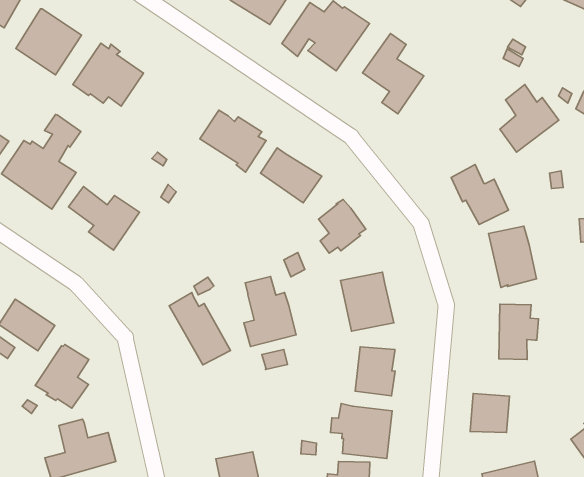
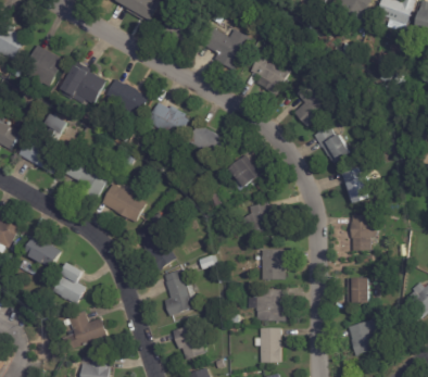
building: none -> [104,67,148,116]
building: [500,85,559,152] -> [294,81,332,126]
building: none -> [100,184,146,223]
building: [244,277,296,347] -> [163,269,199,316]

